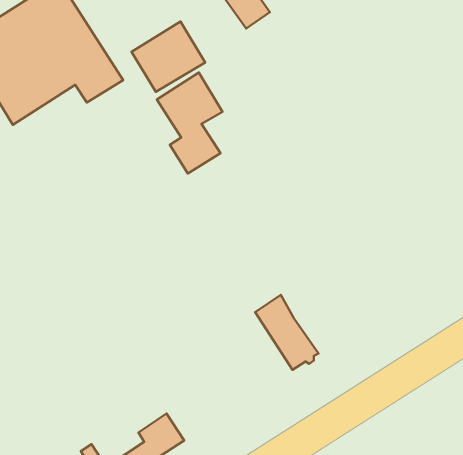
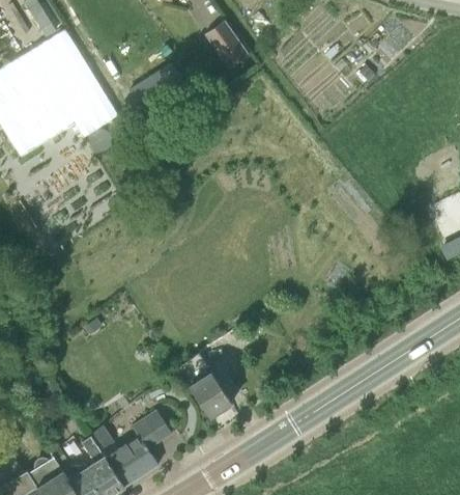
building: [157,73,222,174] -> none
building: [255,295,318,370] -> [176,353,232,419]

